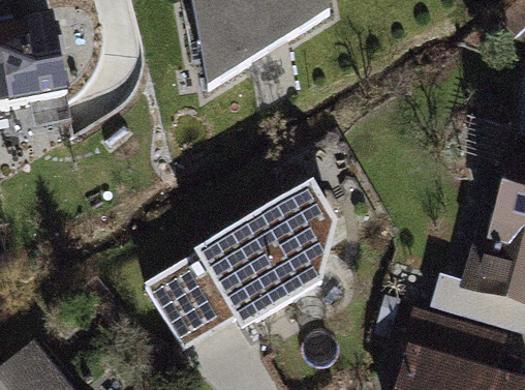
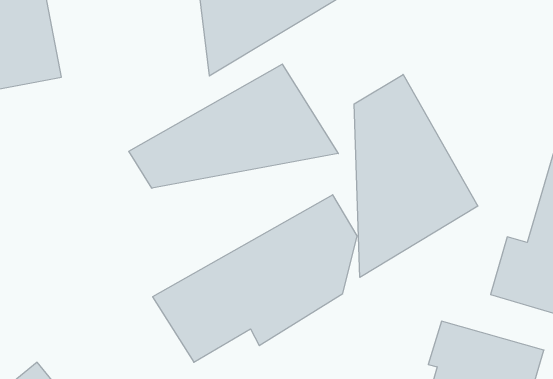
building: none -> [129,64,338,188]
building: none -> [354,74,478,277]

